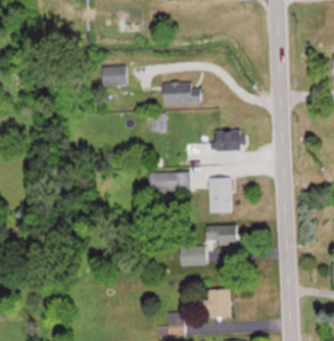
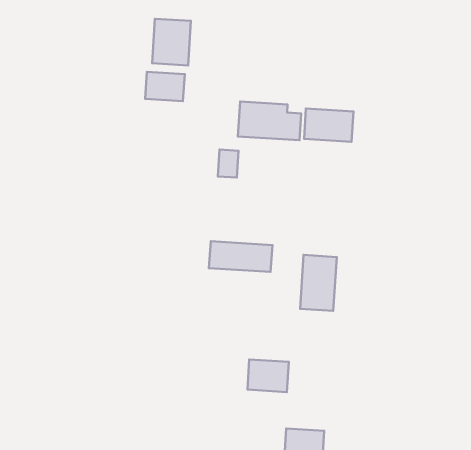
building: none -> [152,19,191,65]
building: [216,131,246,150] -> [304,109,353,142]
building: [204,226,238,244] -> none

